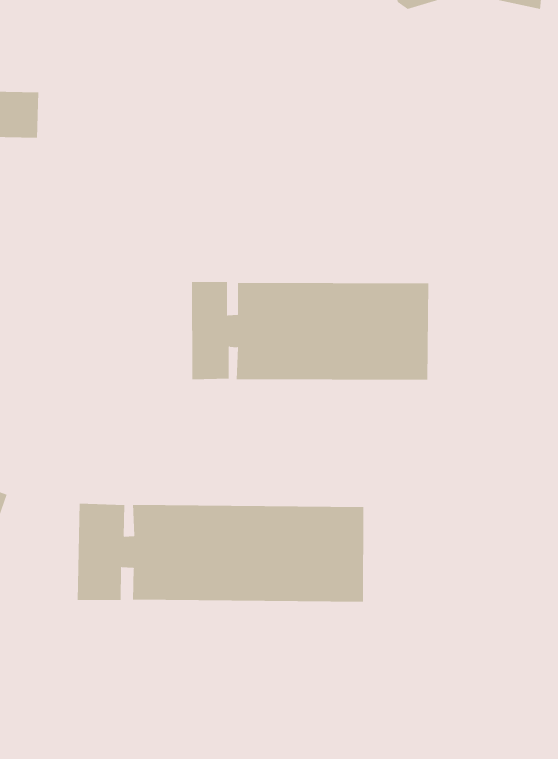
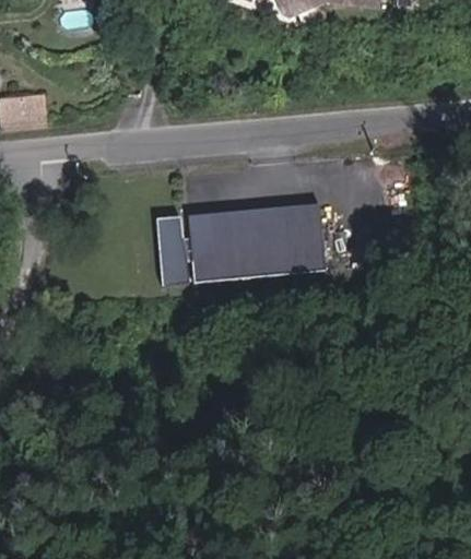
building: [77,503,364,603] -> none

